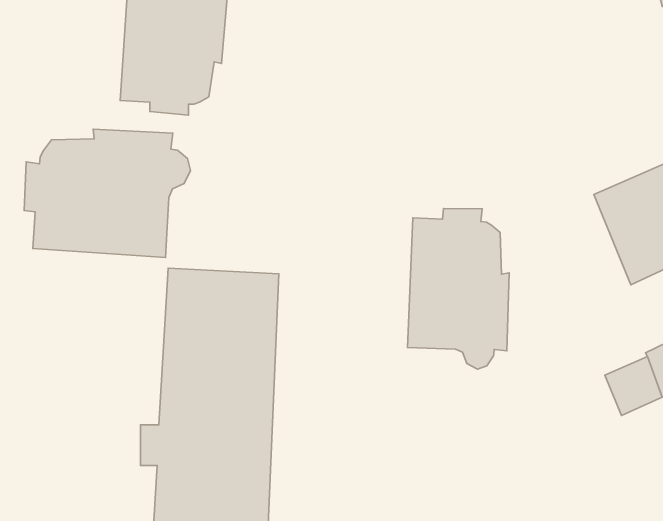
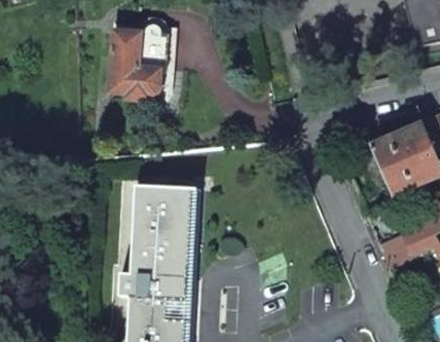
building: [24,129,190,257] -> none
building: [407,208,509,369] -> none

